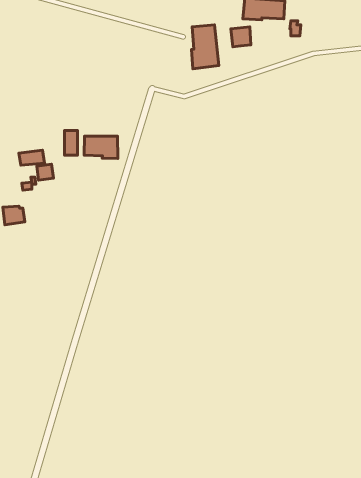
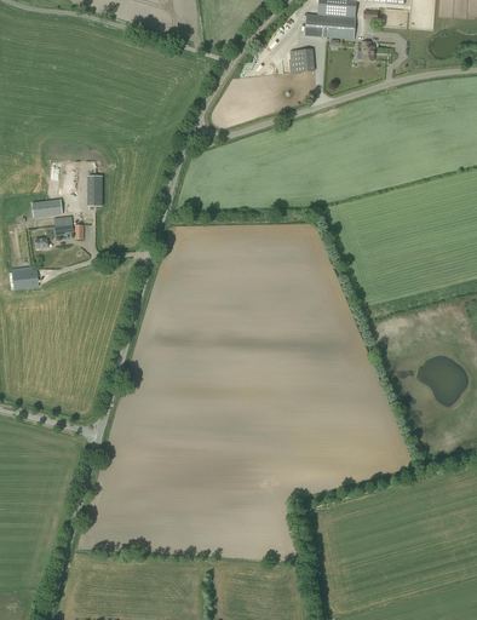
building: [191,25,219,69] -> none
building: [84,136,118,159] -> none

